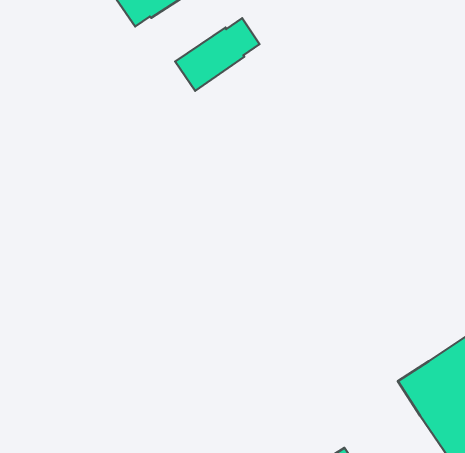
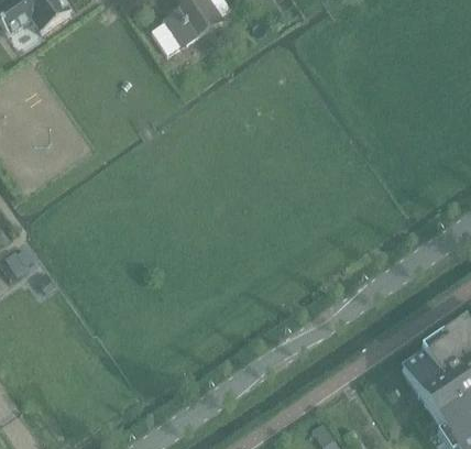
building: [175,18,260,91] -> none

